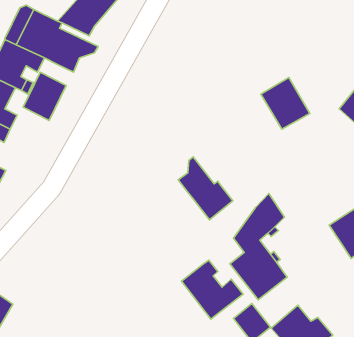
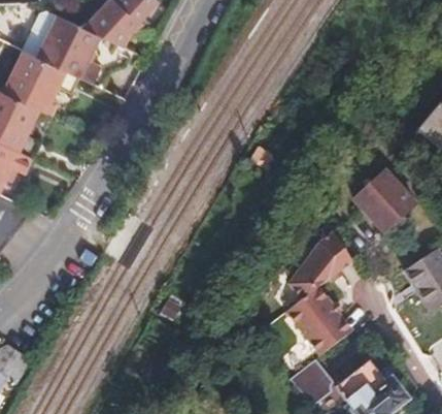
building: [23,72,66,121] -> none
building: [261,77,310,129] -> [350,181,408,242]
building: [178,157,233,220] -> none
building: [181,260,243,319] -> none

